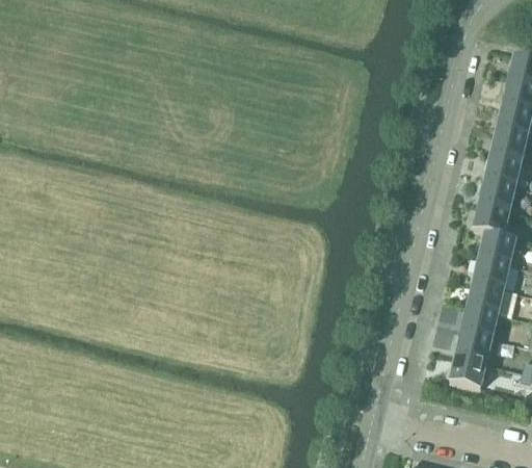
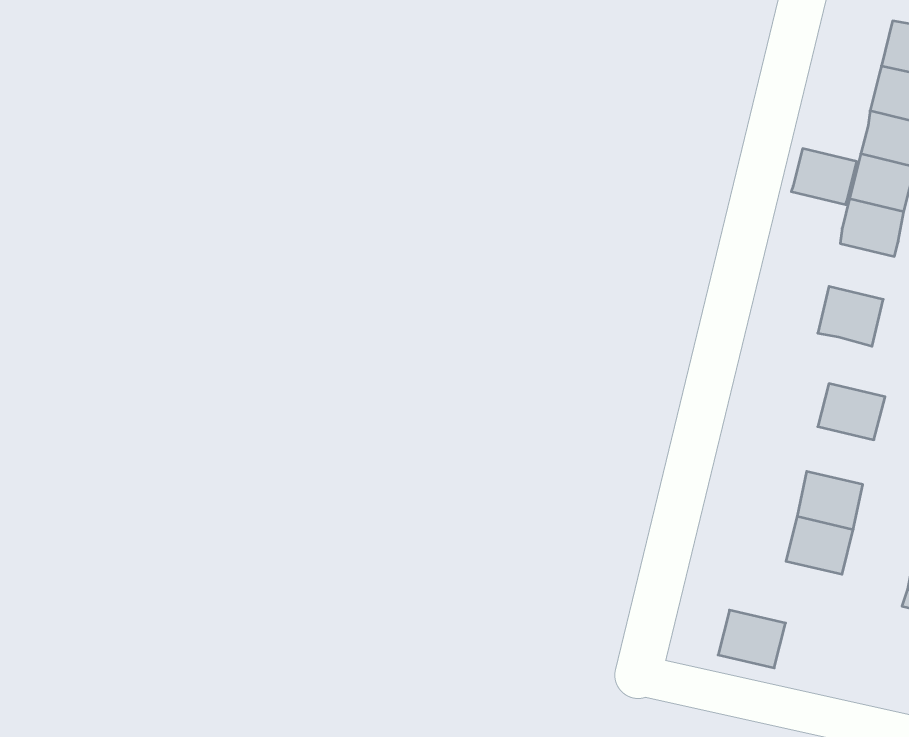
building: [480,174,516,205] -> [791,149,857,205]
building: [480,226,520,259] -> none
building: [468,276,505,308] -> none
building: [450,350,487,383] -> [718,610,786,668]

